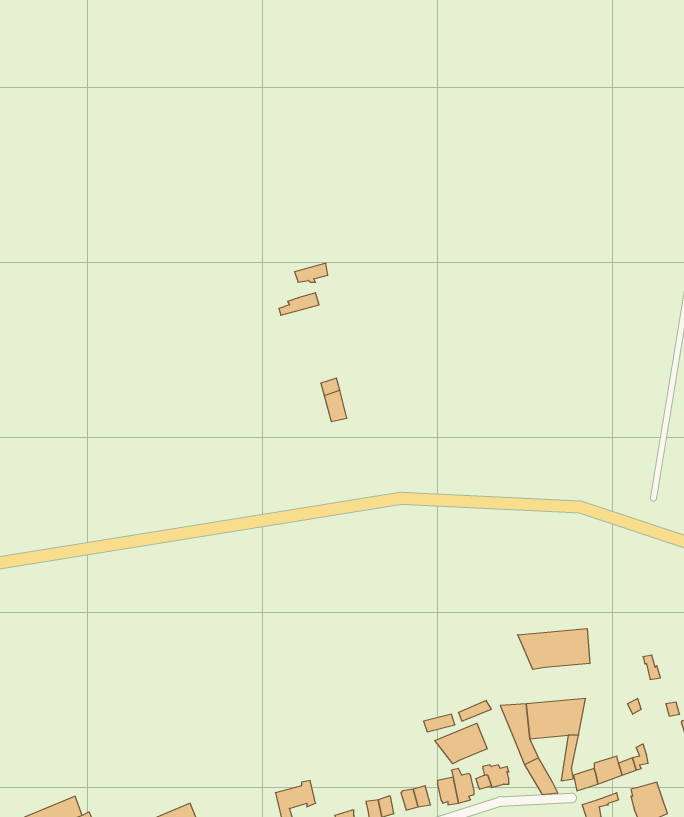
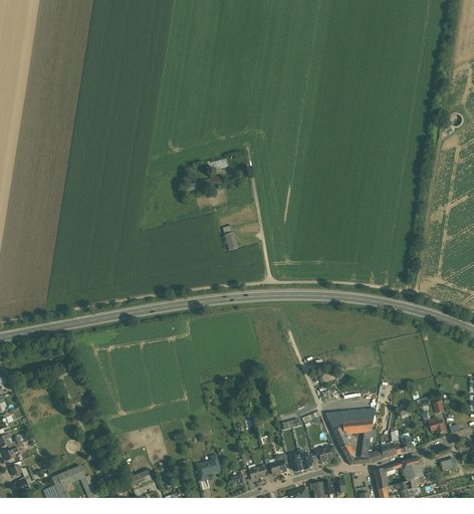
building: [518,629,590,669] -> none
building: [435,723,487,764] -> none

